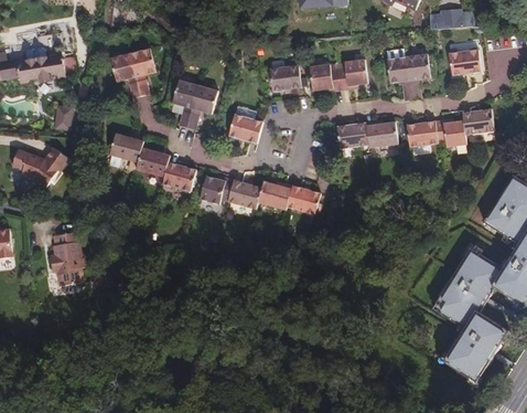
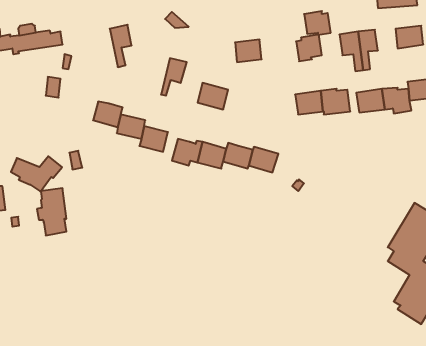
building: [110,52,138,96] -> none
building: [311,64,341,91] -> [304,11,331,35]
building: [172,80,196,126] -> none
building: [13,147,71,187] -> [11,156,62,192]

